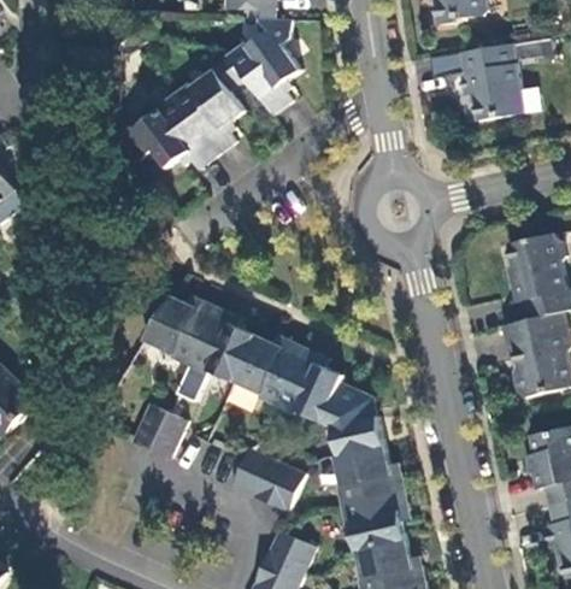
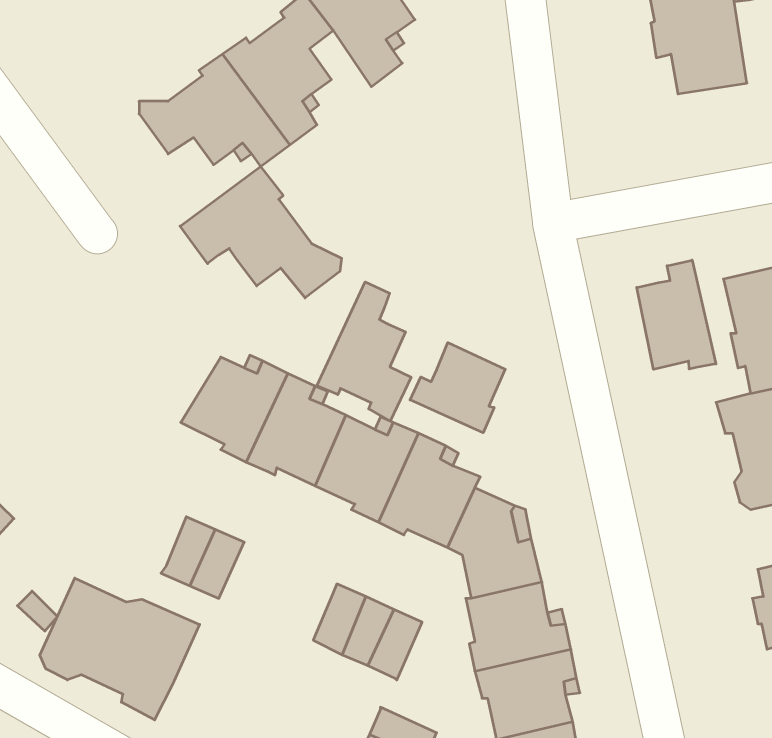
building: none -> [180,167,342,298]
building: none -> [637,260,716,369]
building: none -> [317,282,411,421]
building: none -> [410,343,505,433]
building: none -> [40,578,200,720]

